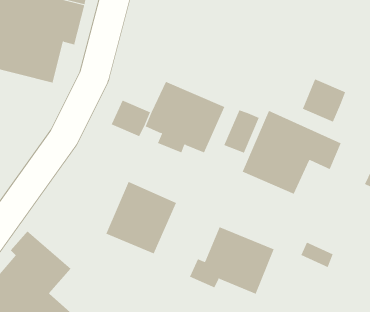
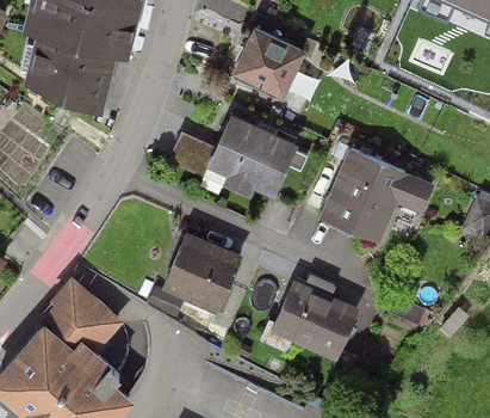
building: none -> [235,19,305,88]
building: [302,78,346,122] -> none
building: [224,110,260,154] -> none

